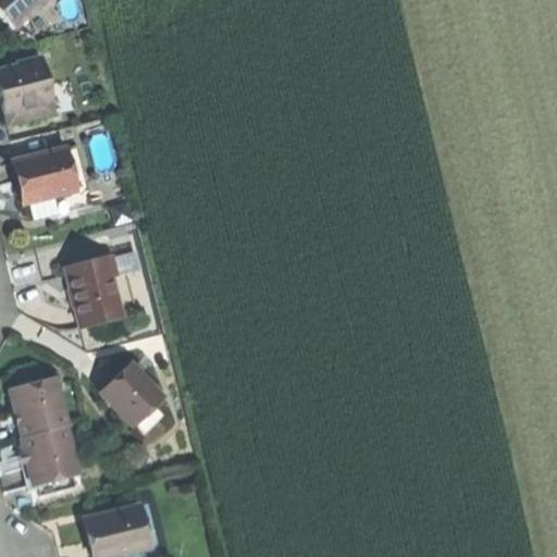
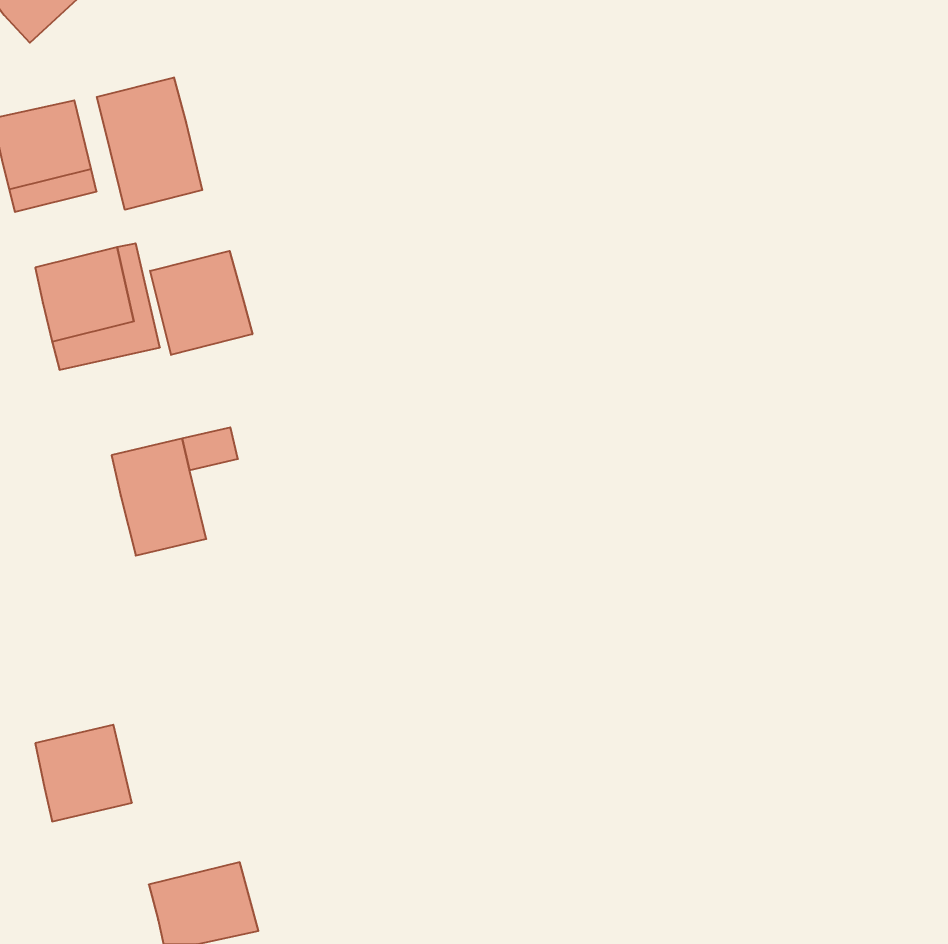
building: none -> [97,77,202,210]
building: none -> [150,251,252,355]
building: [100,362,162,423] -> none
building: [11,376,66,435] -> none

